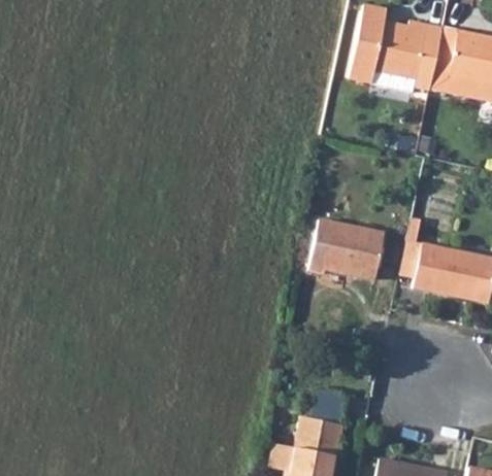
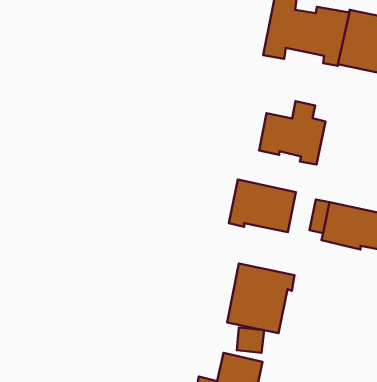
building: none -> [259,101,326,164]
building: none -> [227,263,295,333]

